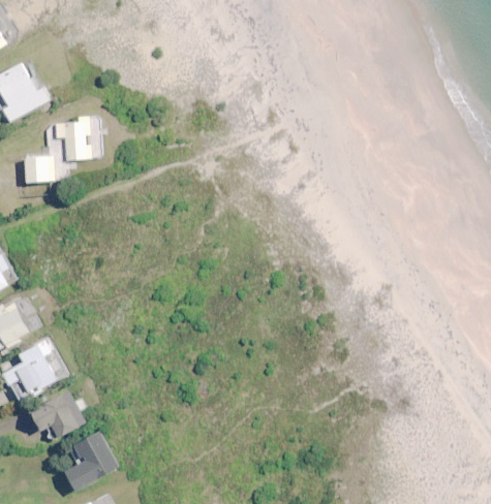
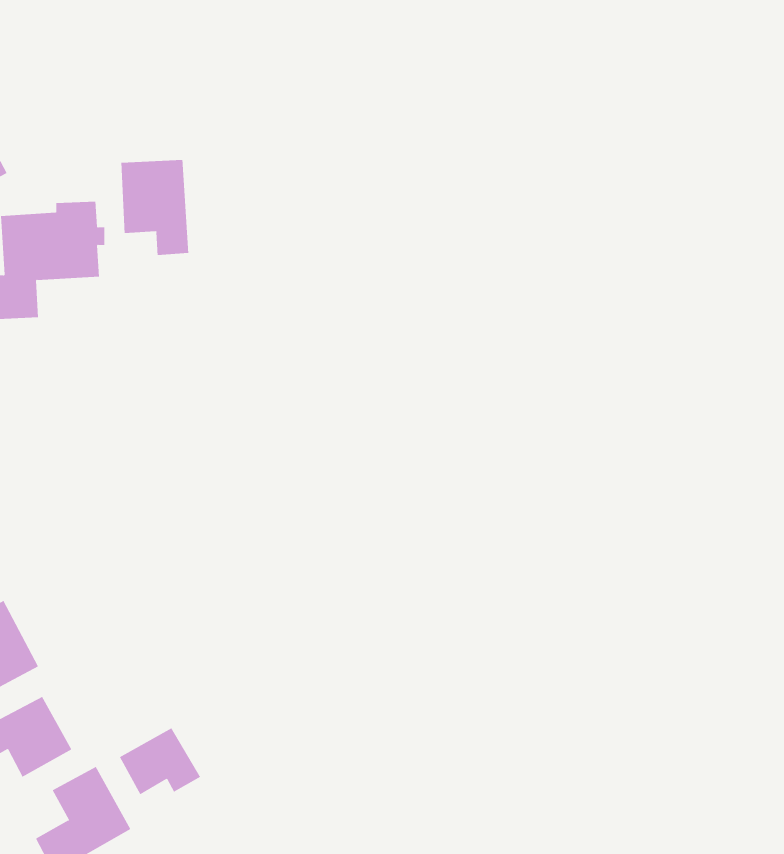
building: none -> [121,159,189,256]
building: none -> [119,728,201,795]

